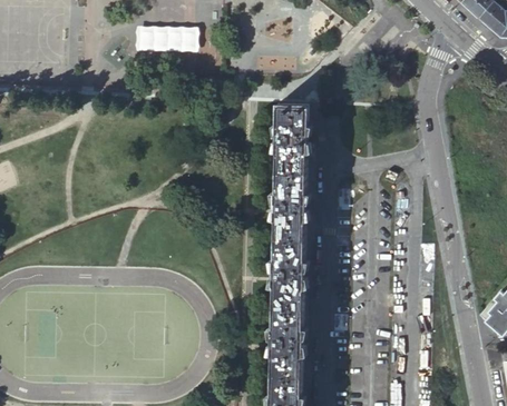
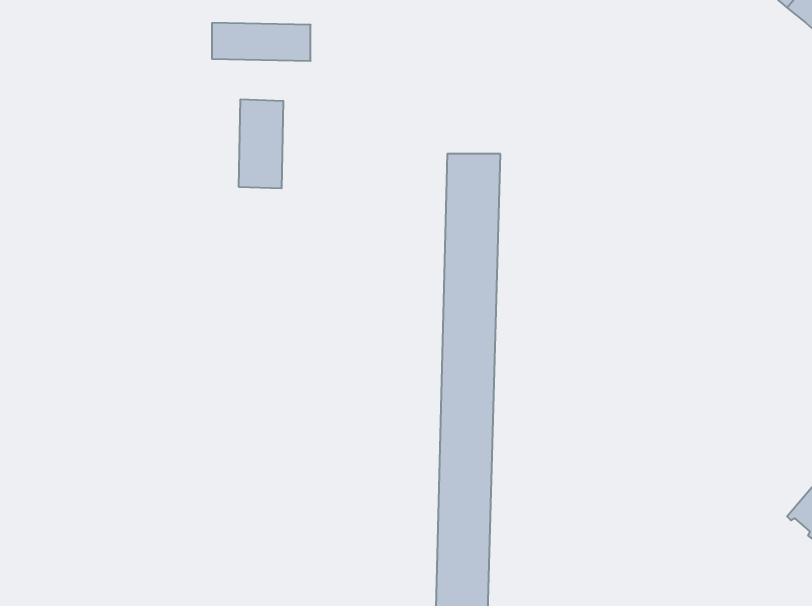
building: none -> [239,99,283,188]

